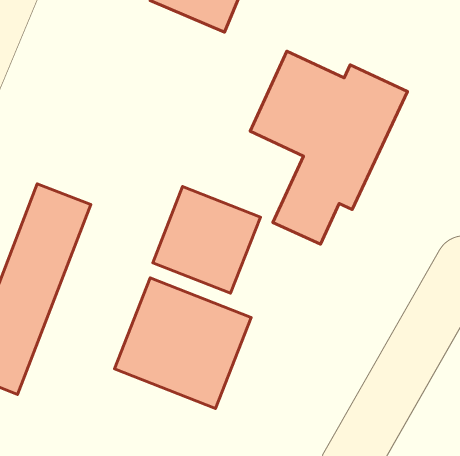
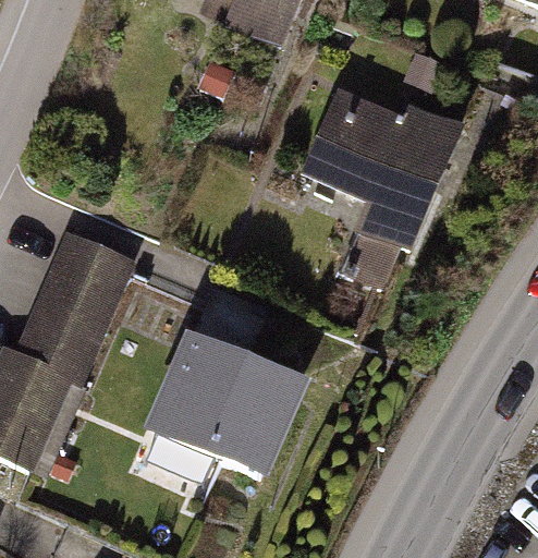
building: [153,187,260,293] -> none

